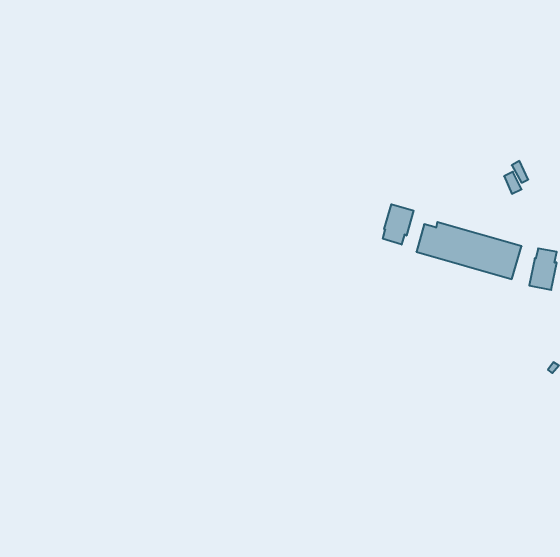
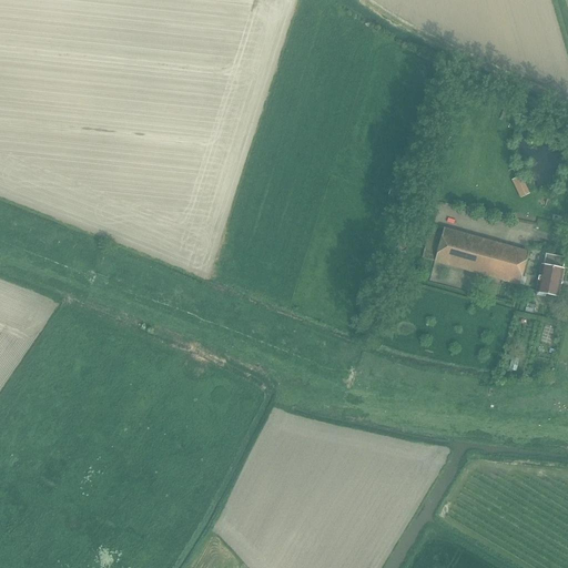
building: [383,204,414,245] -> none

